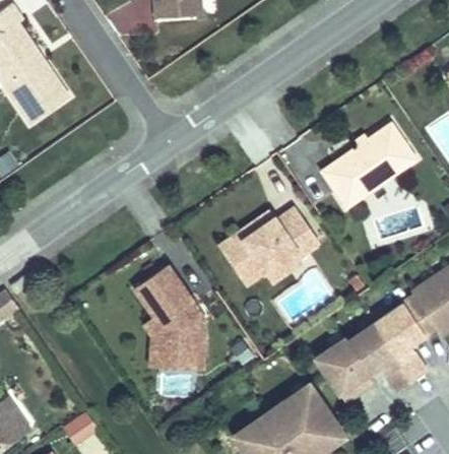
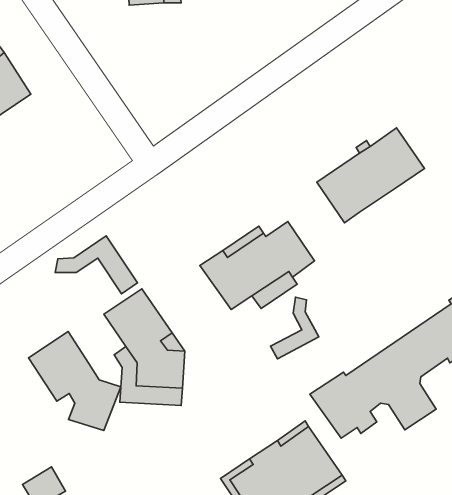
building: none -> [55,236,138,294]
building: none -> [271,297,319,359]
building: none -> [29,332,121,431]

